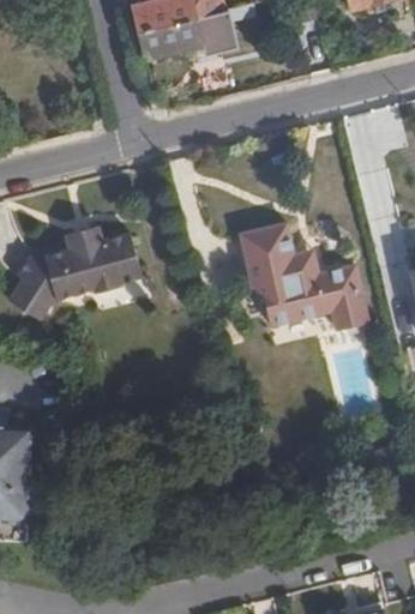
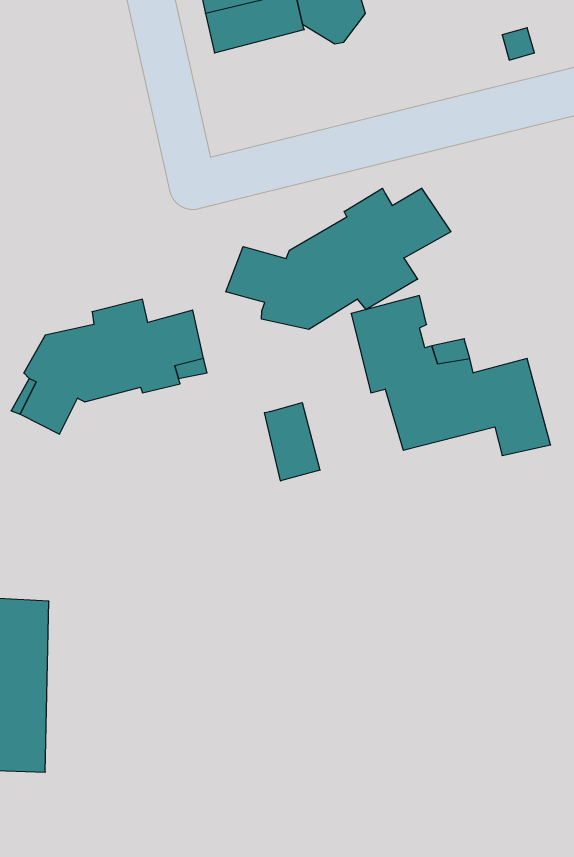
building: none -> [226,188,451,329]
building: none -> [264,403,320,481]

